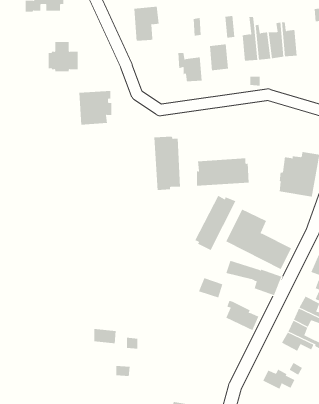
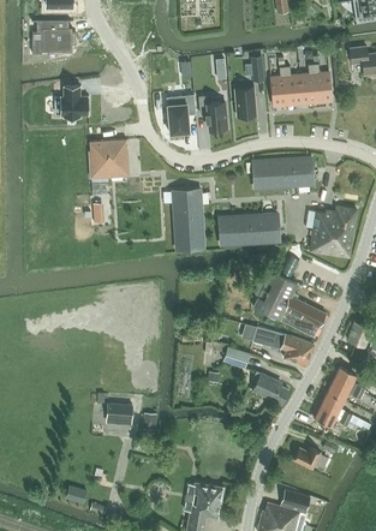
building: [133,6,160,42] -> [167,95,196,135]
building: none -> [253,157,314,189]
building: [194,195,236,251] -> none

